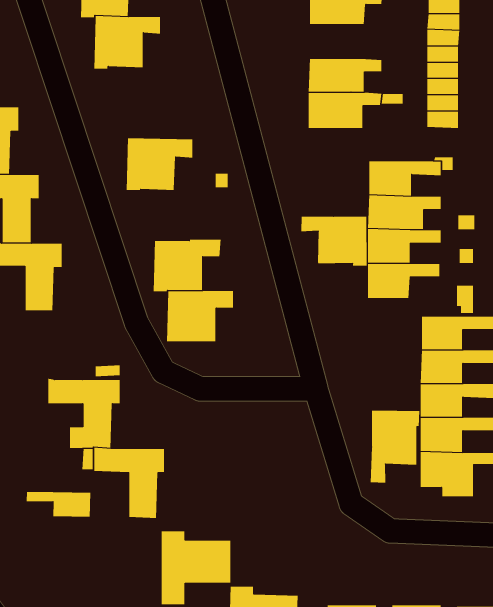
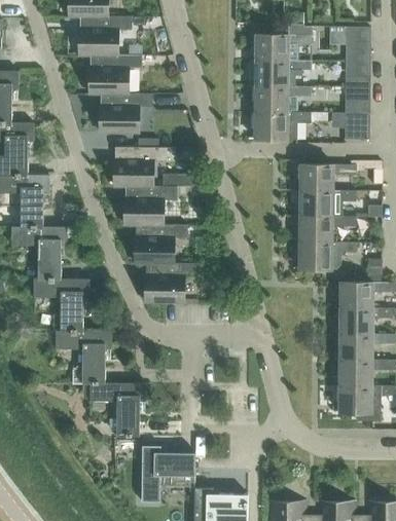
building: none -> [255,61,311,86]
building: none -> [101,92,153,134]
building: none -> [125,186,178,225]
building: [301,216,367,266] -> none
building: none -> [33,277,89,331]
building: [370,410,420,484] -> none
building: [26,491,91,518] -> none

